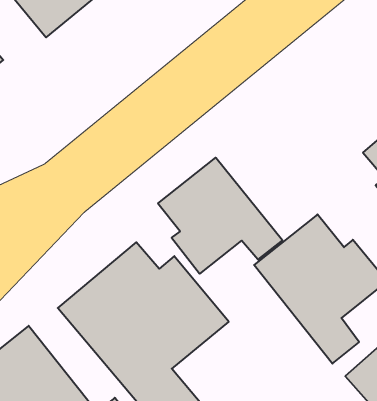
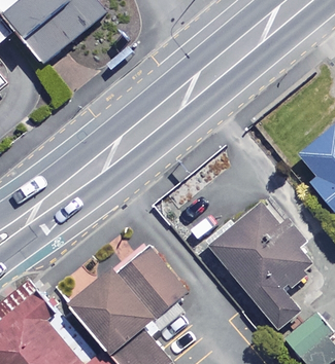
building: [158,158,282,274] -> none

